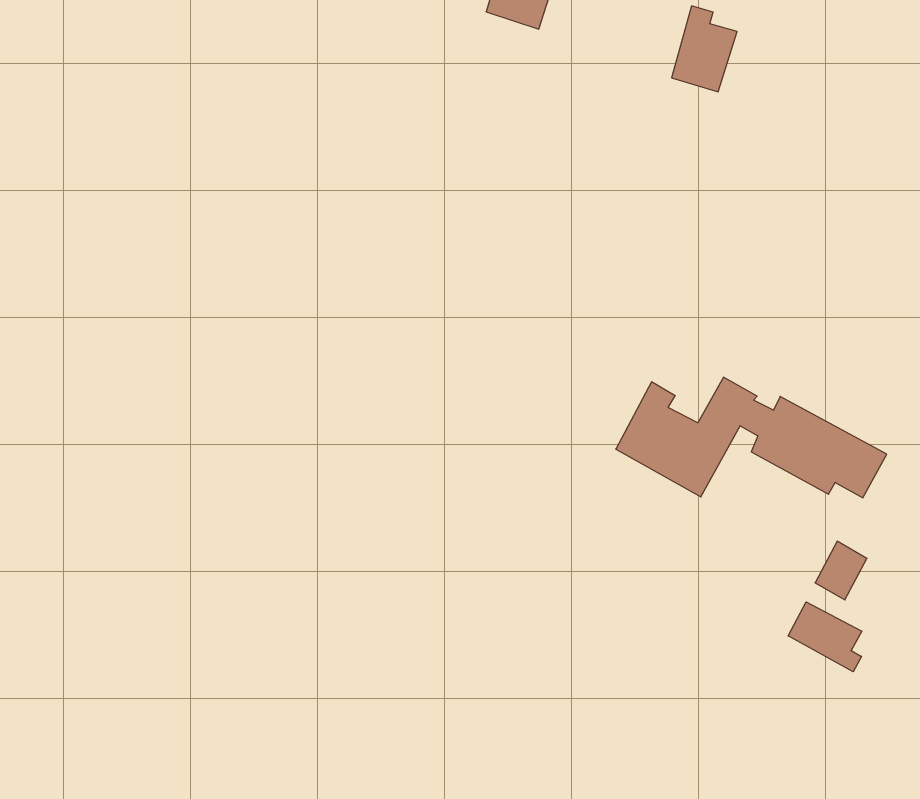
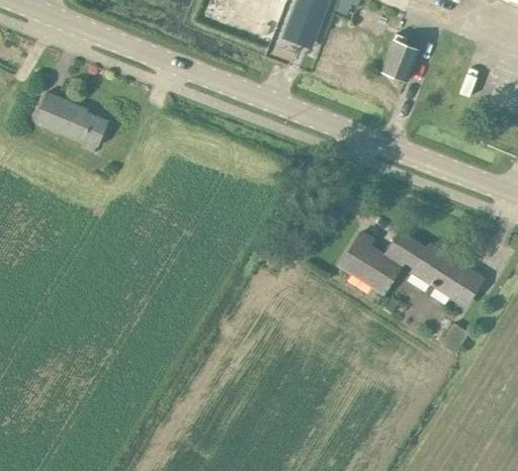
building: none -> [34,92,108,146]
building: [788,602,862,672] -> none

